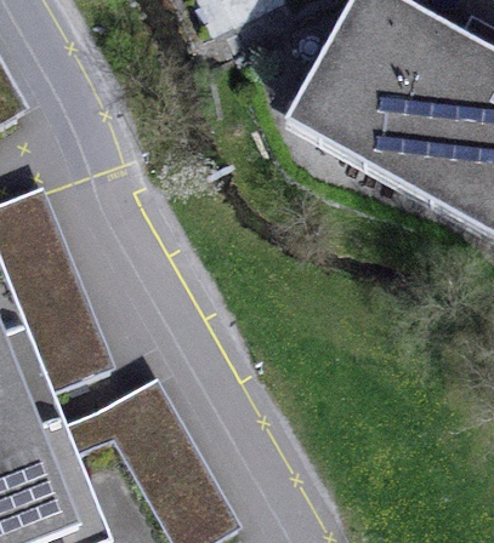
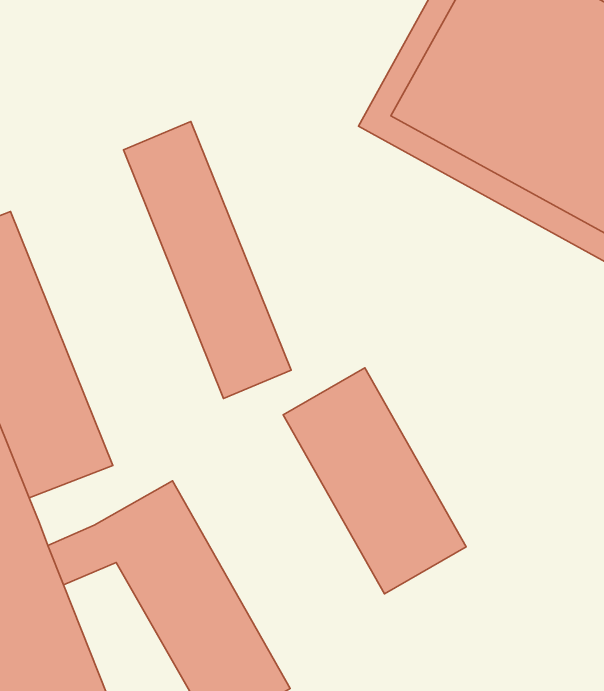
building: none -> [123,121,291,399]
building: none -> [283,368,466,594]

